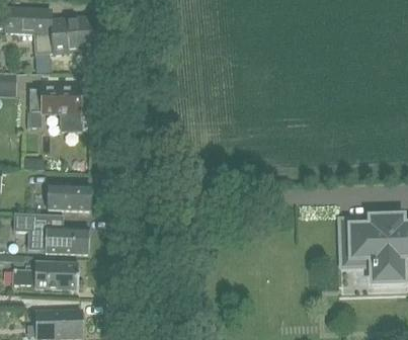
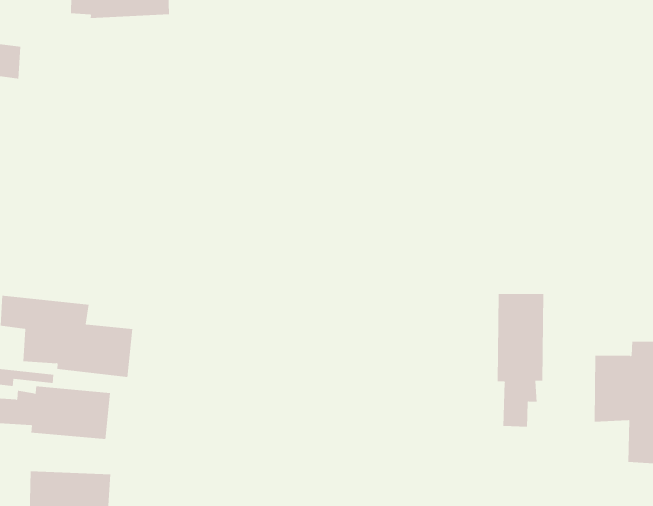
building: [29,87,86,131] -> none
building: [48,182,90,210] -> none
building: none -> [497,293,544,427]

